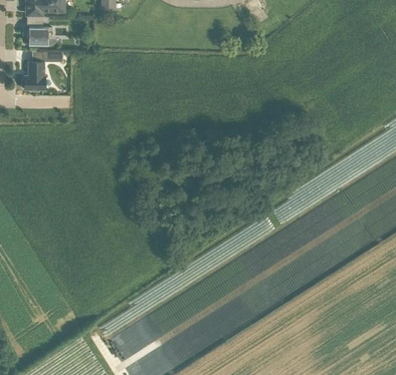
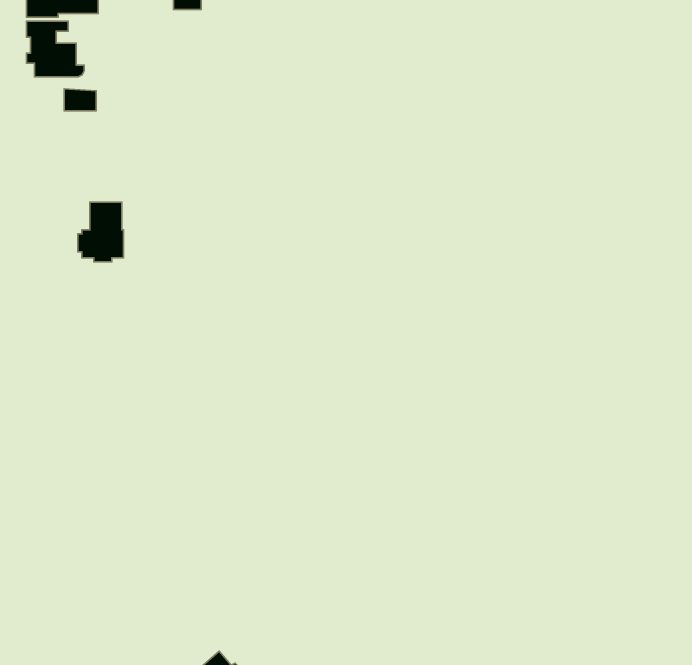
building: [22,61,45,91] -> [78,202,124,262]

